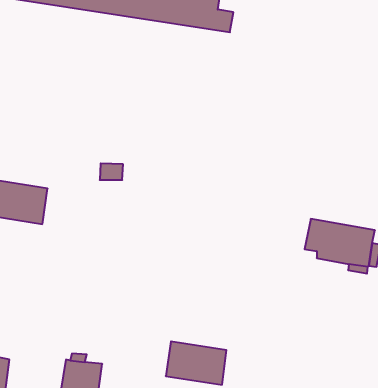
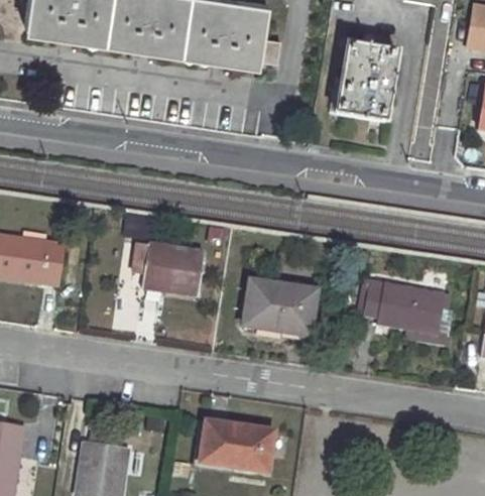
building: none -> [334,42,396,120]
building: none -> [141,243,202,297]
building: none -> [242,280,314,336]

